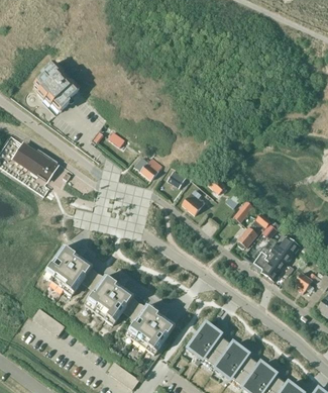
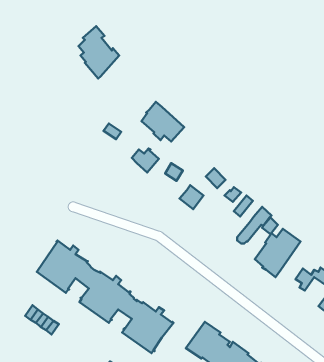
building: [39,62,79,112] -> [79,26,119,79]
building: none -> [141,102,184,141]
building: [14,144,58,181] -> none

